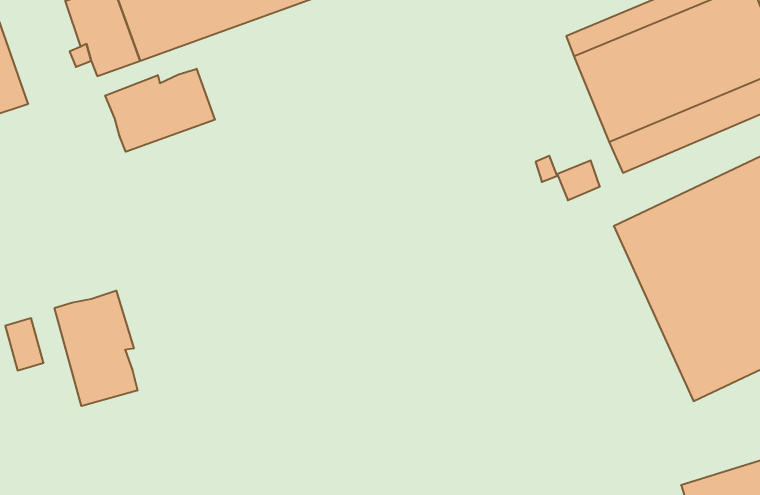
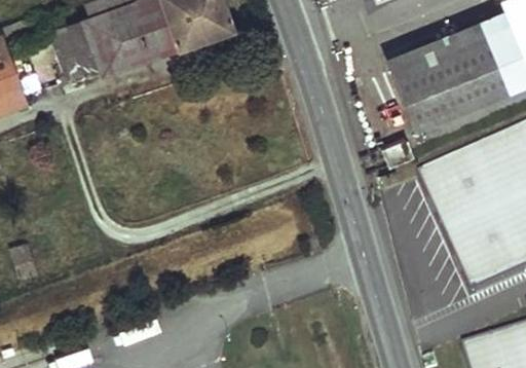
building: [105,69,215,152] -> none
building: [55,291,137,406] -> none

